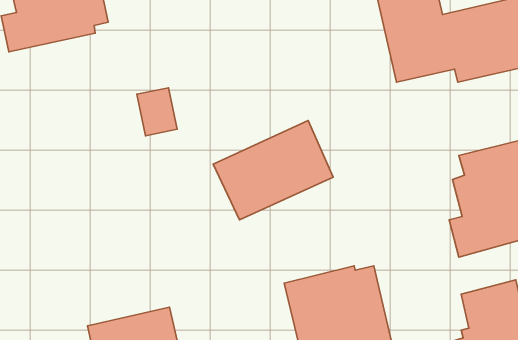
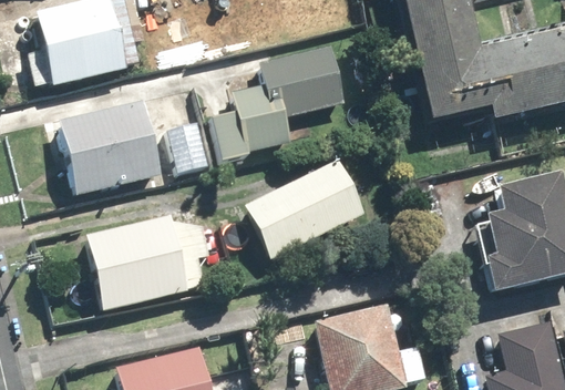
building: none -> [212,44,345,160]
building: none -> [62,102,164,196]
building: none -> [85,213,210,309]

